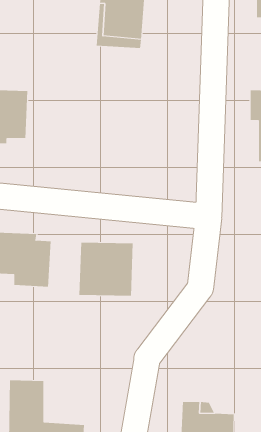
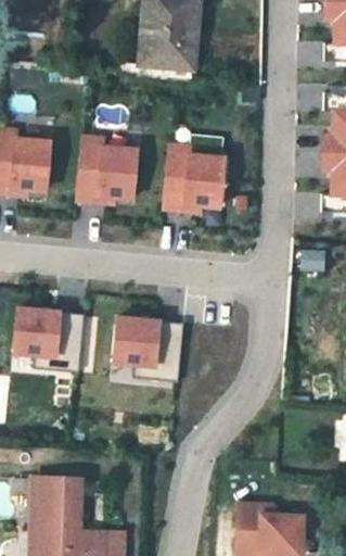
building: none -> [77,136,141,204]
building: none -> [161,142,230,214]

